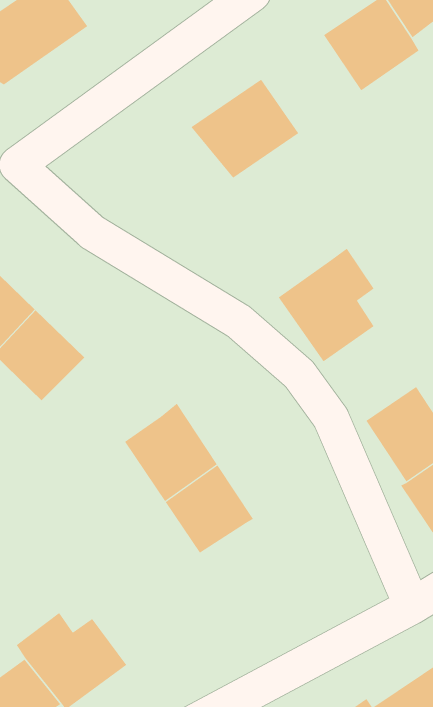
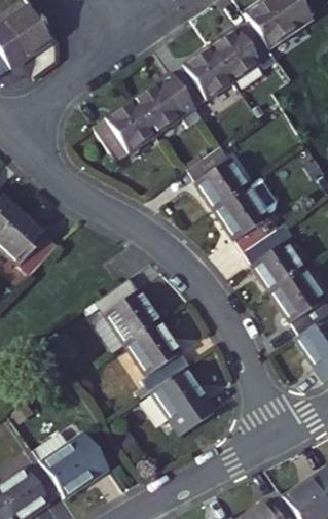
building: none -> [190,32,258,99]
building: none -> [101,95,171,162]
building: none -> [175,146,238,211]
building: none -> [232,231,296,296]
building: none -> [144,366,209,435]

